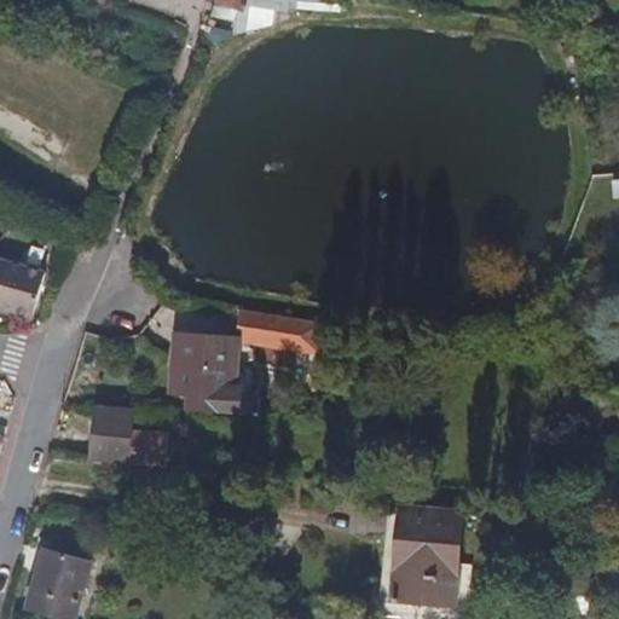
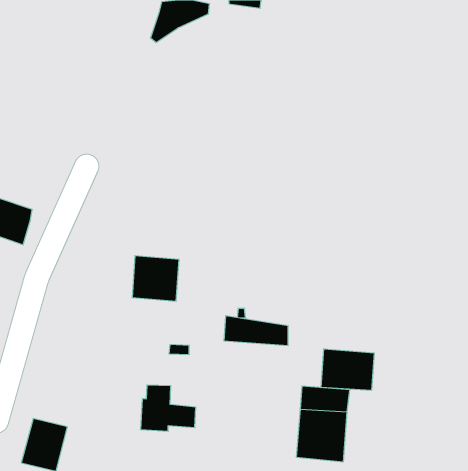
building: [235,308,319,347] -> [224,316,288,345]
building: [91,405,163,465] -> [140,385,196,431]
building: none -> [321,349,374,390]

